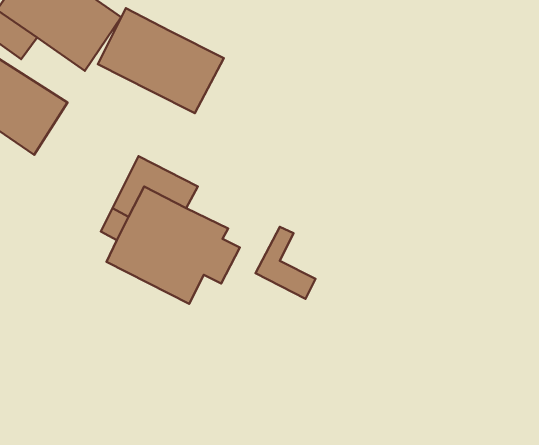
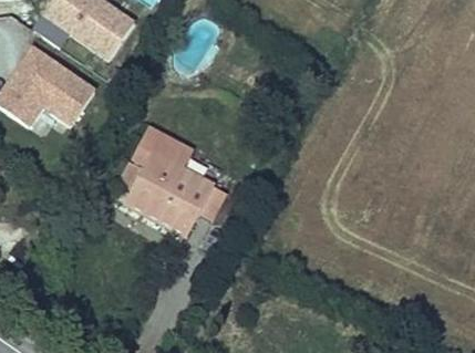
building: [98,8,224,113] -> none
building: [256,227,315,299] -> none

